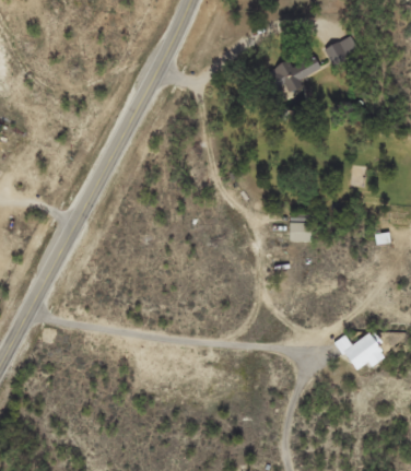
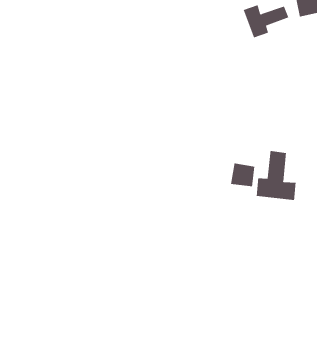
building: none -> [256,150,296,201]
building: [334,332,387,370] -> none

